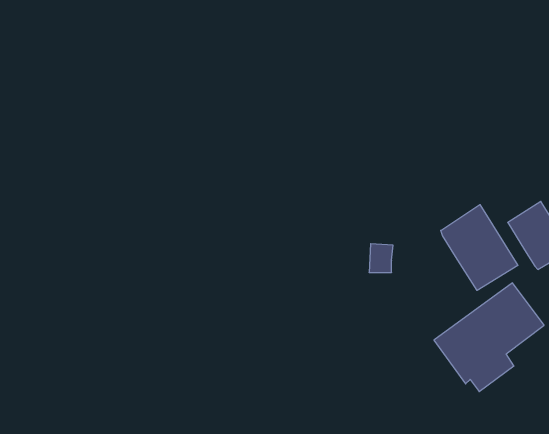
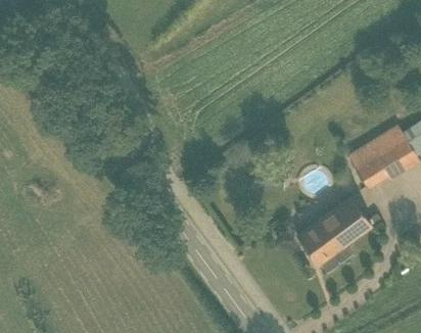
building: [441,205,518,290] -> none

